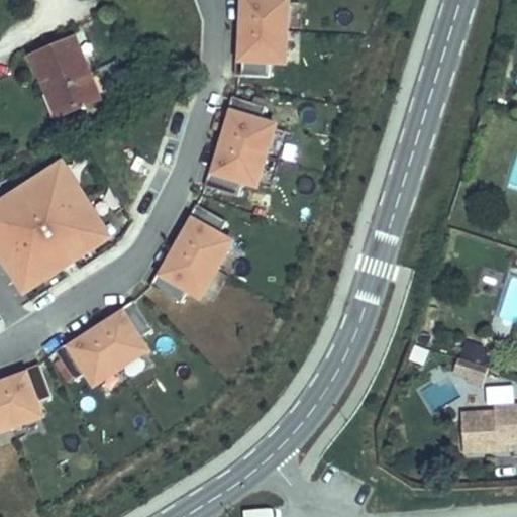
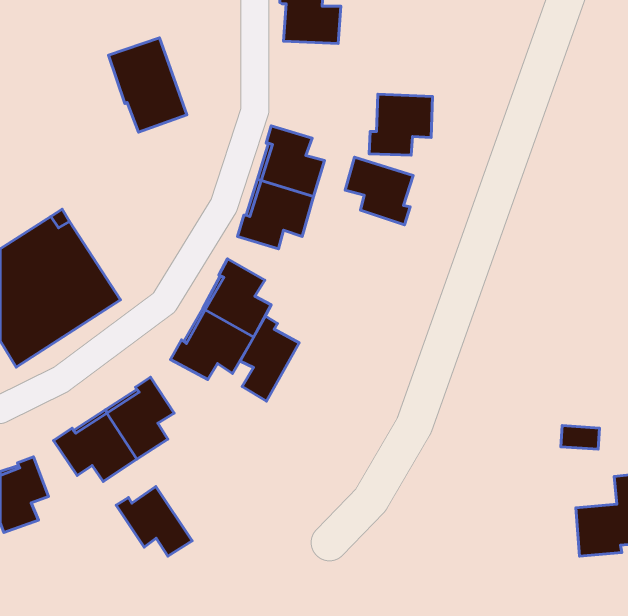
building: [229,33,281,83] -> [369,94,432,155]
building: [41,48,105,125] -> [109,38,187,132]
building: none -> [345,157,413,225]
building: none -> [240,316,299,401]
building: none -> [116,486,192,556]

